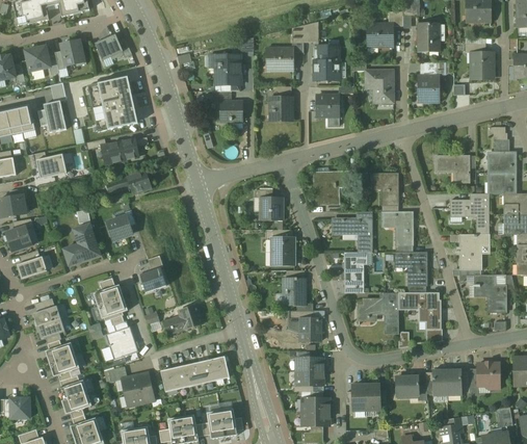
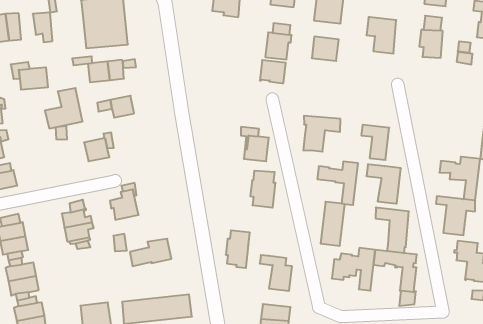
building: [219,102,242,122] -> [260,60,286,83]
building: [434,157,469,183] -> none
building: [62,225,100,266] -> [45,88,83,128]
building: [284,270,305,305] -> [226,230,250,268]
building: [105,327,137,361] -> none

